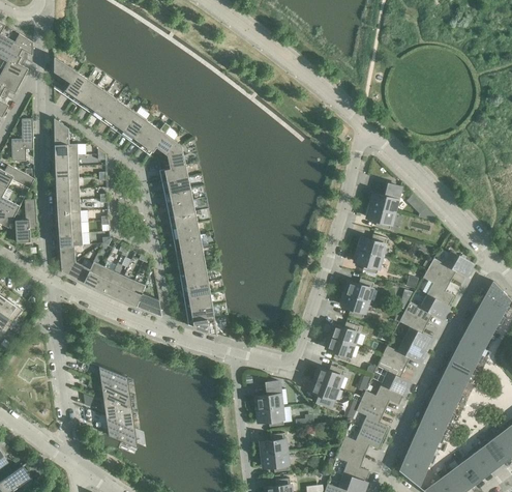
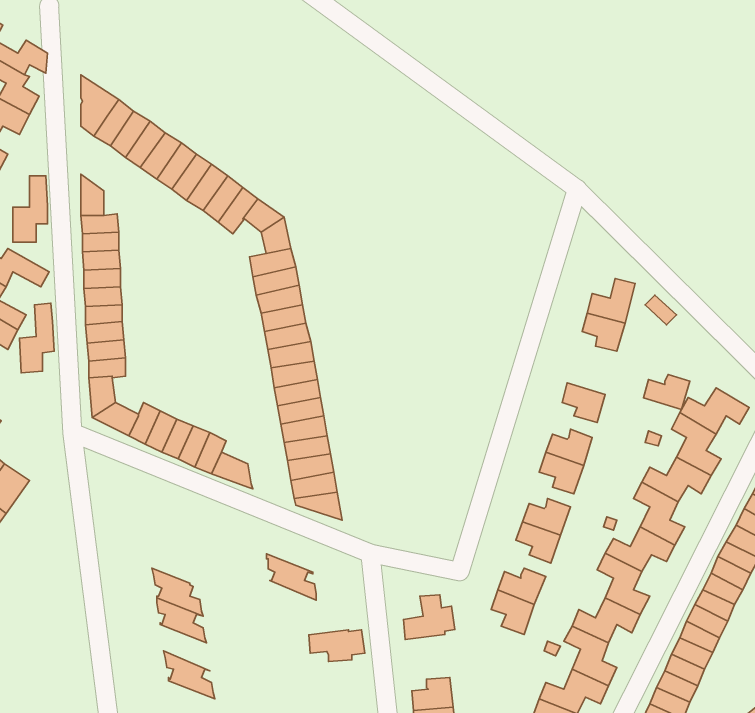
building: [358,234,387,256] -> [643,375,690,409]
building: [103,400,134,429] -> [266,554,316,600]
building: [257,406,292,426] -> [309,630,365,661]

